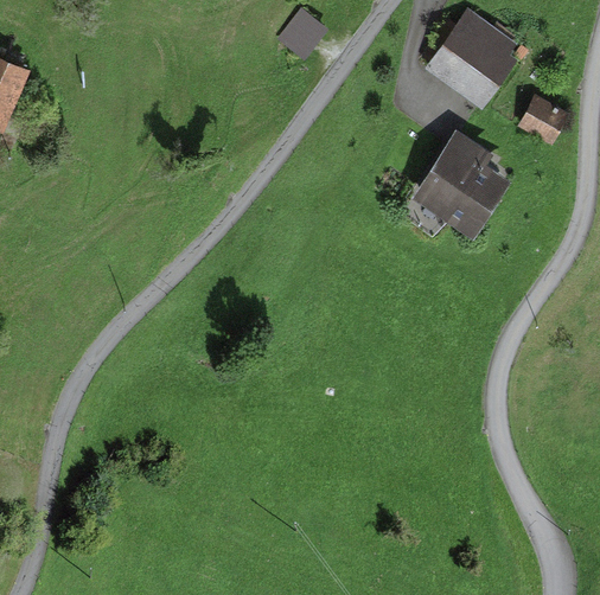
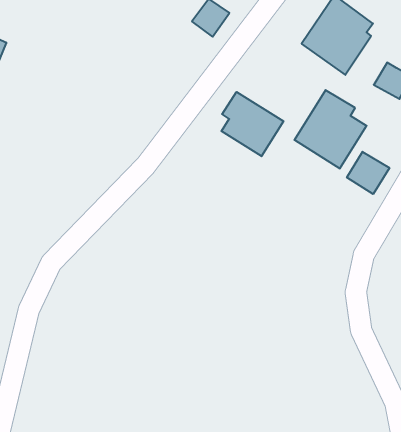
building: none -> [221,92,283,156]
building: none -> [347,152,389,194]

